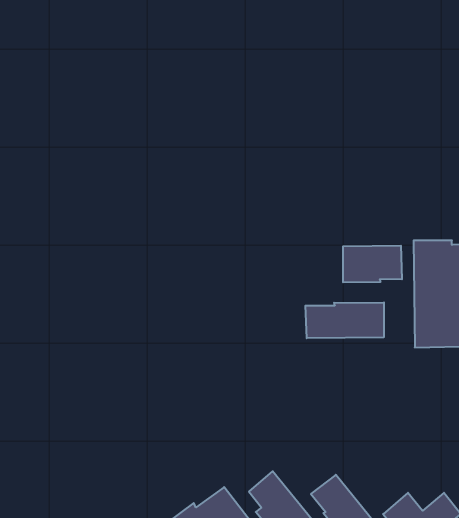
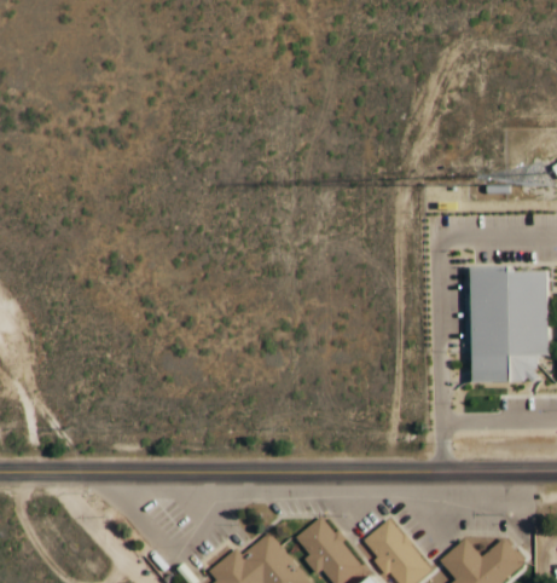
building: [343,246,402,282] -> none
building: [305,302,384,338] -> none

